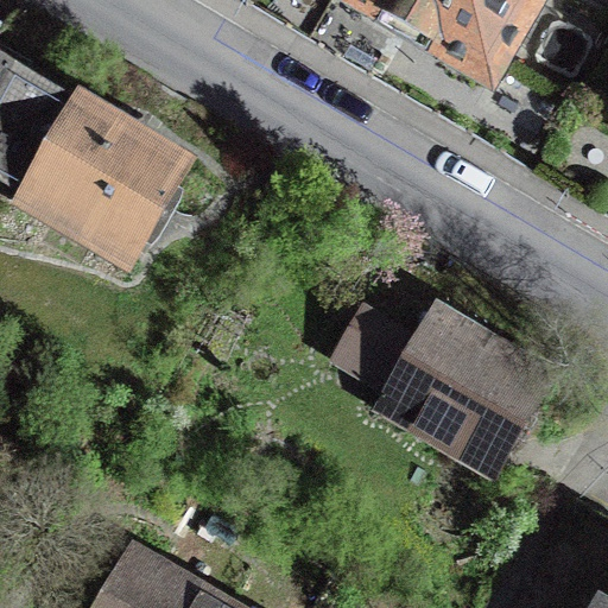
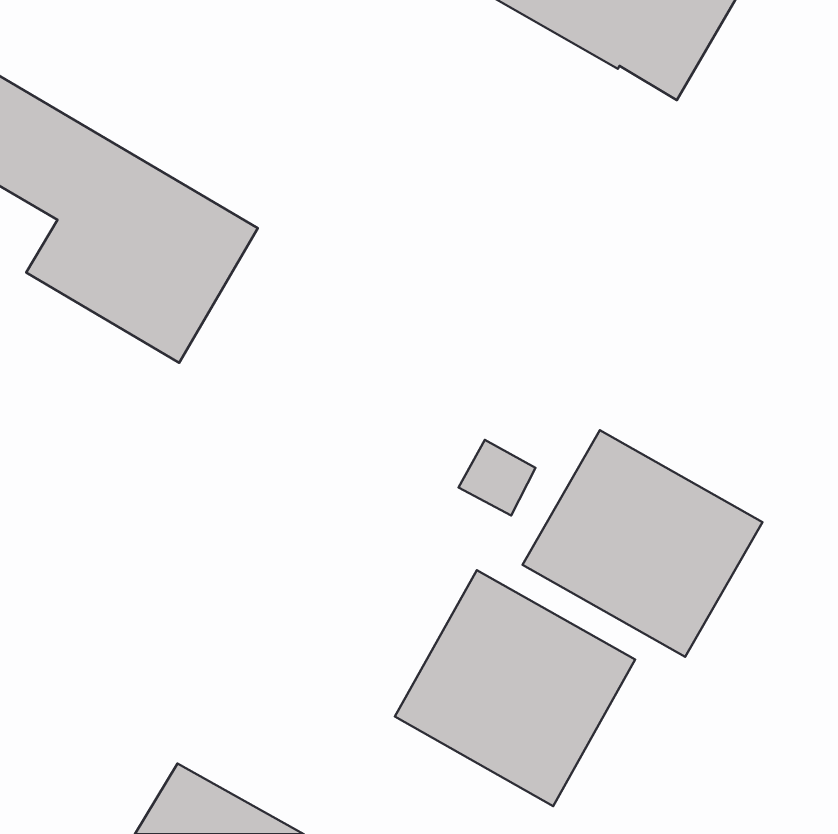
building: none -> [395,570,635,806]

